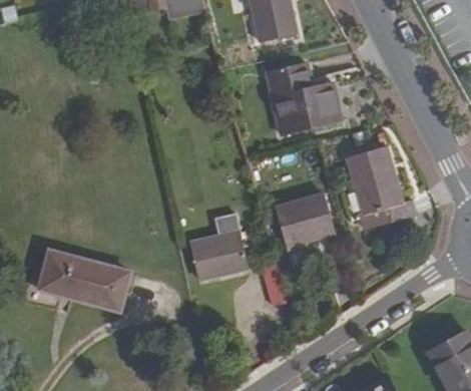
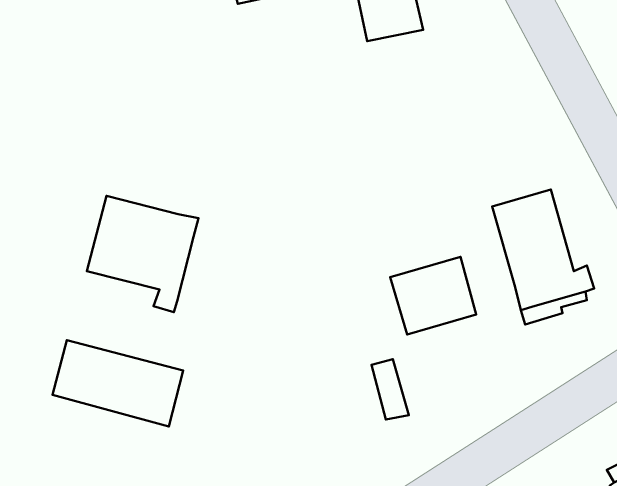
building: [266,62,342,134] -> none
building: none -> [87,196,198,312]
building: [189,215,248,279] -> none

